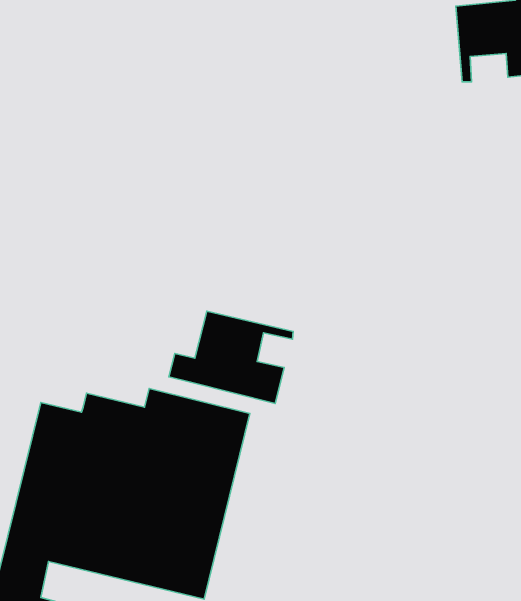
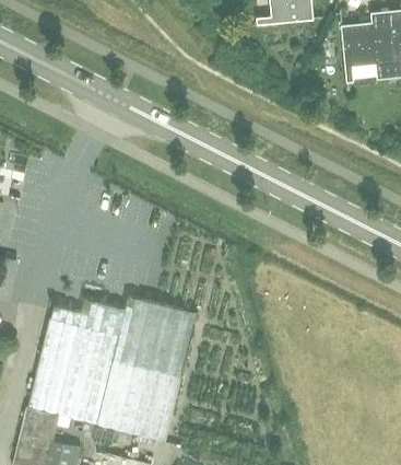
building: [169,311,293,403] -> none

